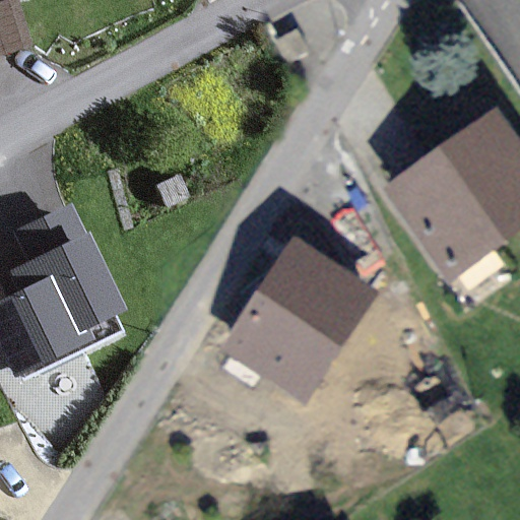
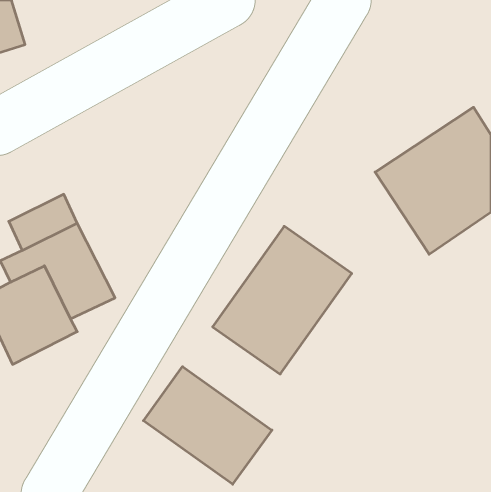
building: none -> [143,367,272,484]

